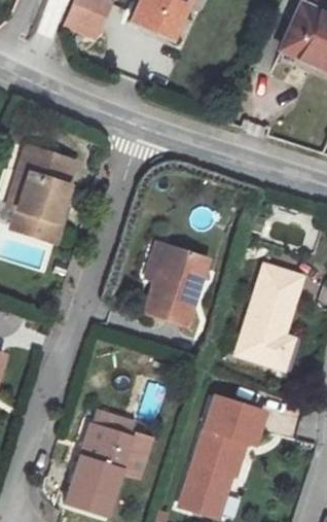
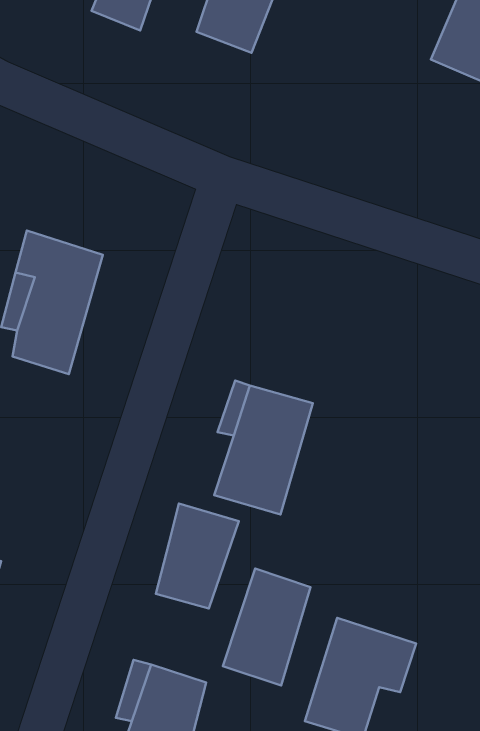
building: [239,265,303,364] -> none
building: none -> [156,504,239,608]
building: none -> [223,568,310,685]

